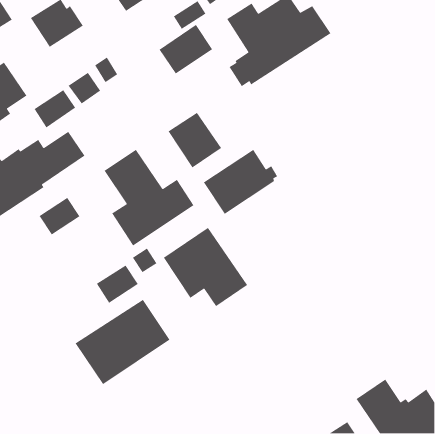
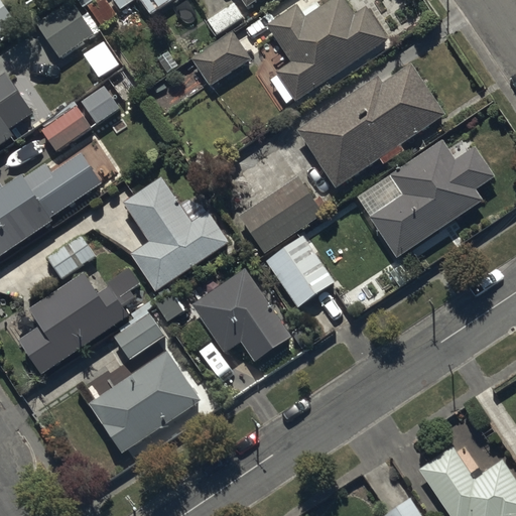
building: none -> [296,63,445,187]
building: [167,112,222,169] -> none
building: none -> [369,139,495,257]
building: none -> [263,234,335,307]
building: none -> [20,268,139,373]

